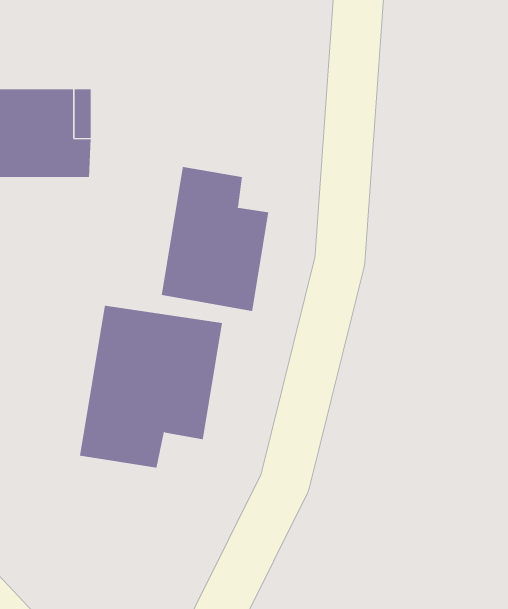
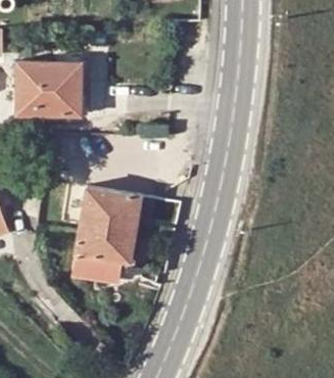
building: [161,166,269,312] -> none

